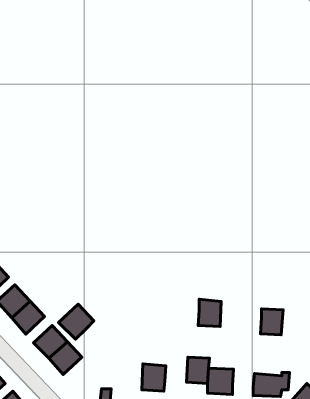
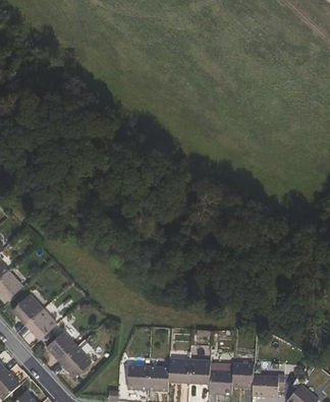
building: [198,299,221,327] -> [168,357,189,383]
building: [58,304,94,339] -> none
building: [260,309,283,335] -> [231,362,253,387]
building: none -> [127,364,148,390]

